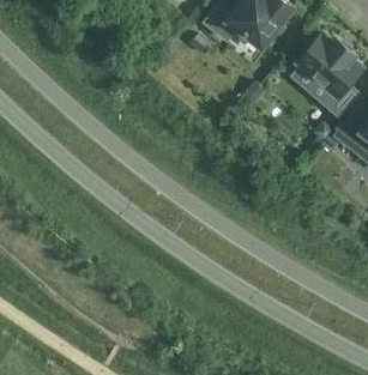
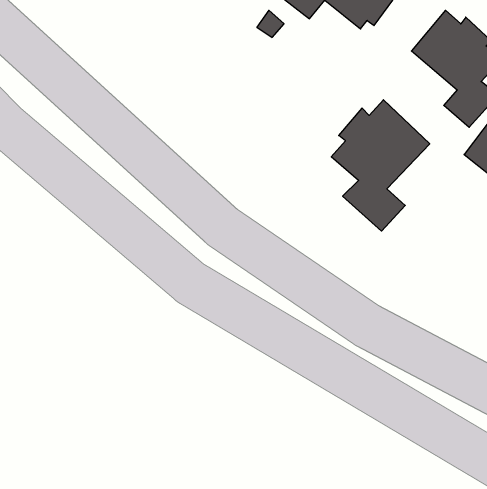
building: none -> [331,100,430,231]

